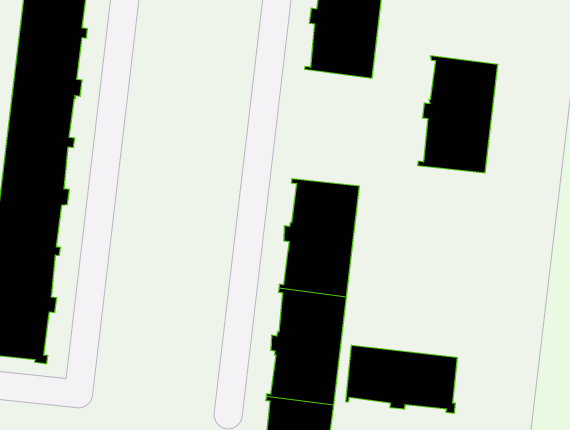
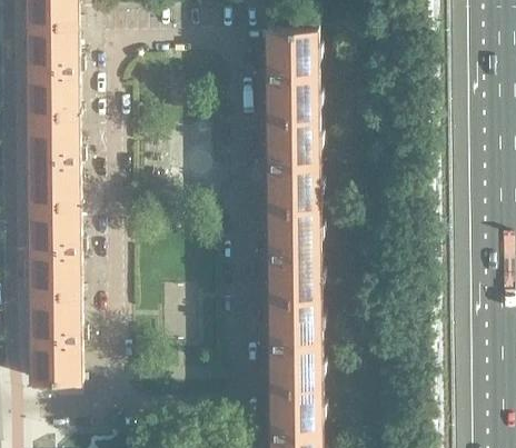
building: [418,56,498,173] -> [262,121,319,211]
building: [346,345,457,413] -> none

